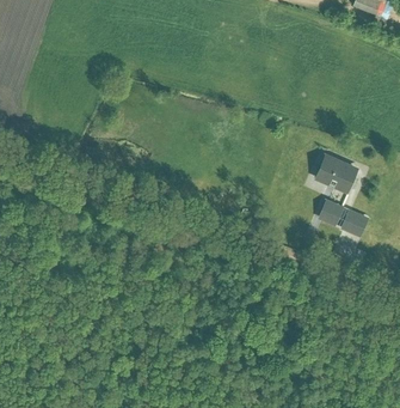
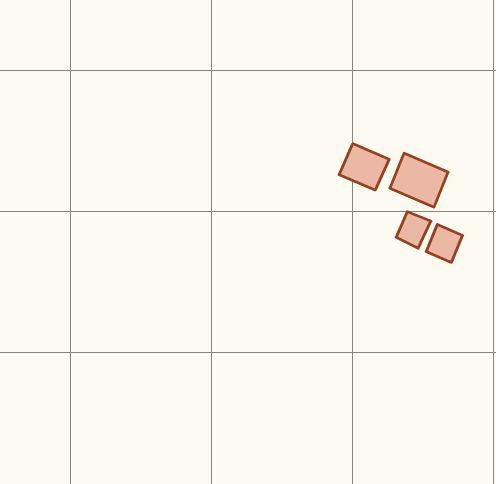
building: none -> [339,144,389,190]

